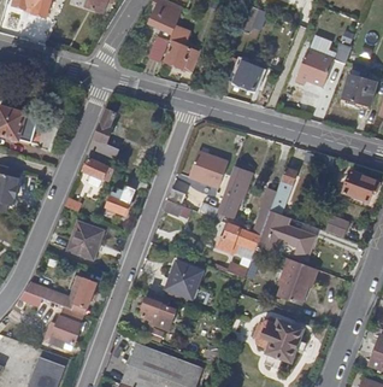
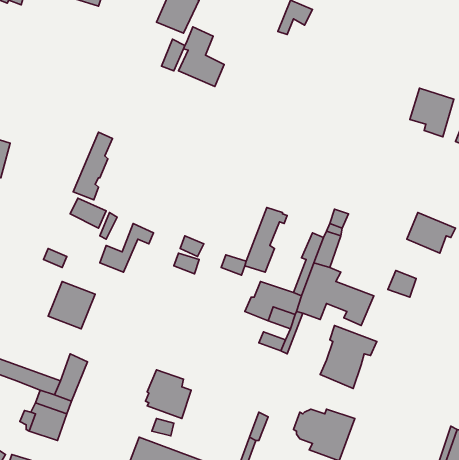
building: [297,39,355,87] -> none
building: [224,59,264,90] -> none
building: [189,149,229,187] -> none
building: [166,260,202,297] -> none

